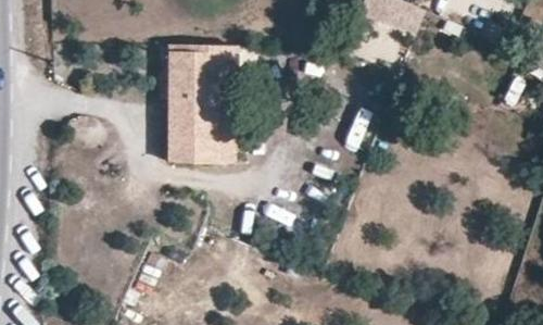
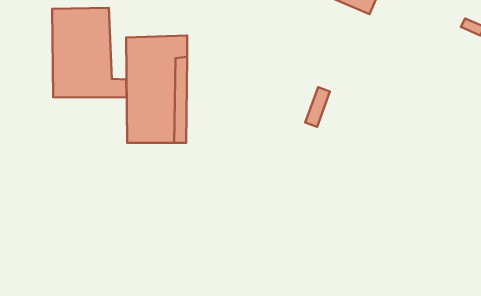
building: none -> [52,8,127,98]

